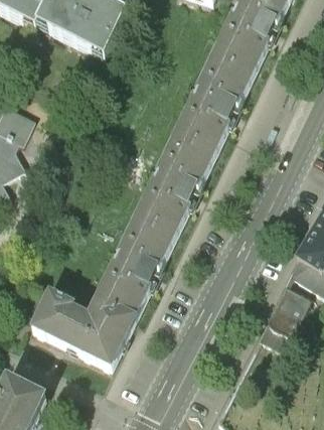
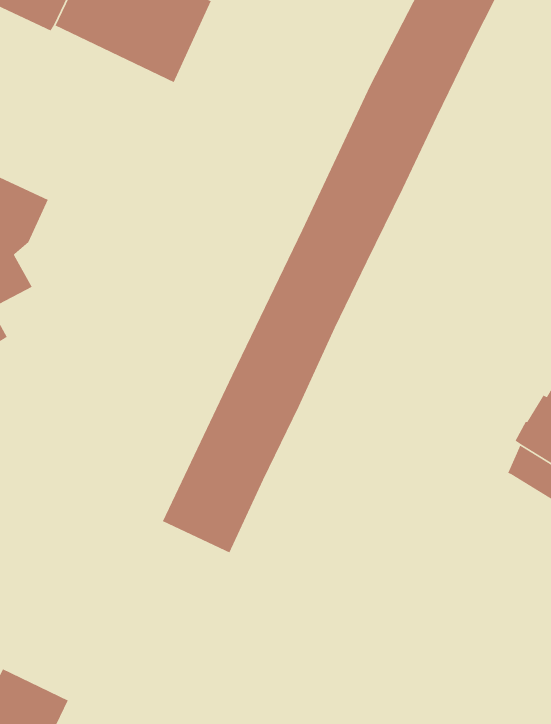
building: [259,282,309,345] -> none
building: [32,291,135,366] -> none

